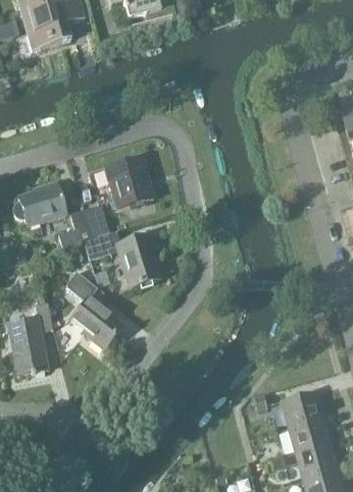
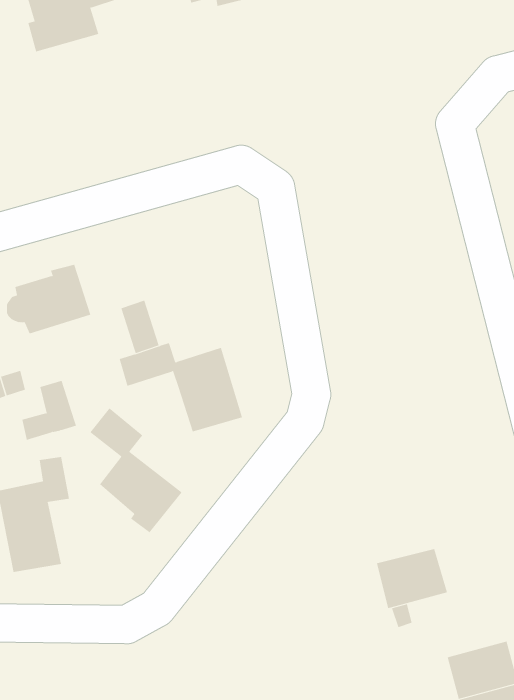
building: [103,156,154,208] -> none
building: [59,209,94,247] -> [21,380,77,441]
building: [282,389,326,427] -> [376,548,448,609]

